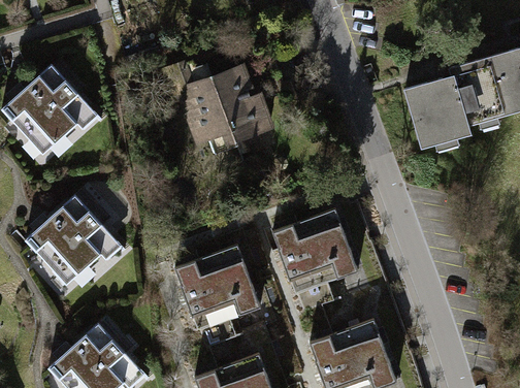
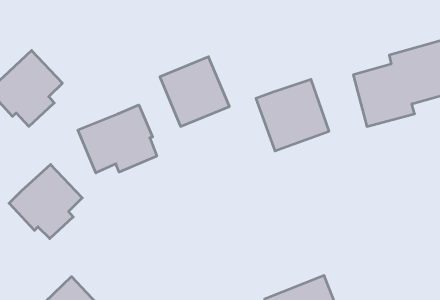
building: none -> [78,105,157,173]
building: [277,209,360,291] -> [256,79,329,151]
building: [175,261,263,319] -> none

